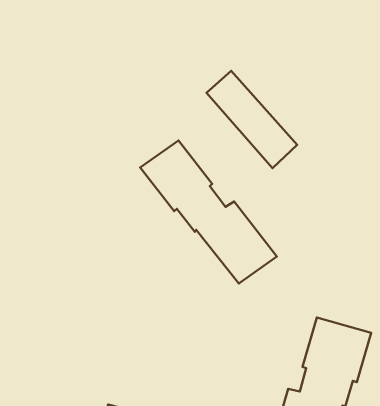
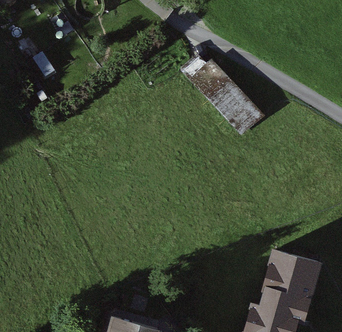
building: [140,141,277,283] -> none

